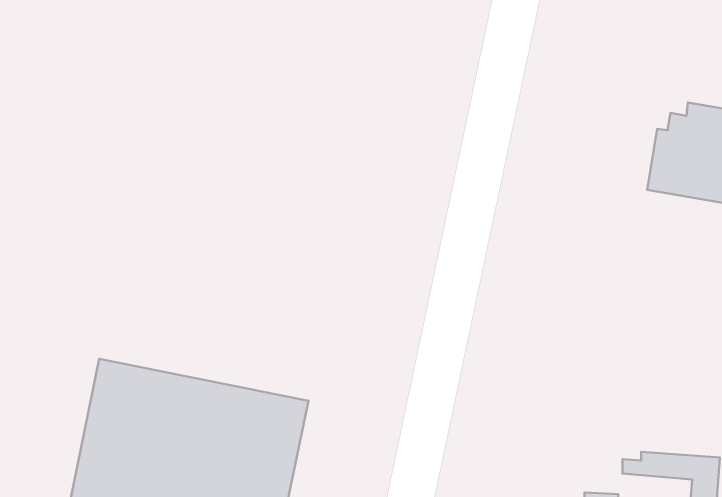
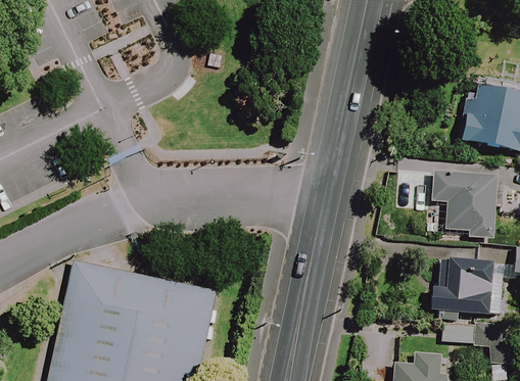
building: none -> [429,172,506,238]
building: none -> [428,257,501,315]

